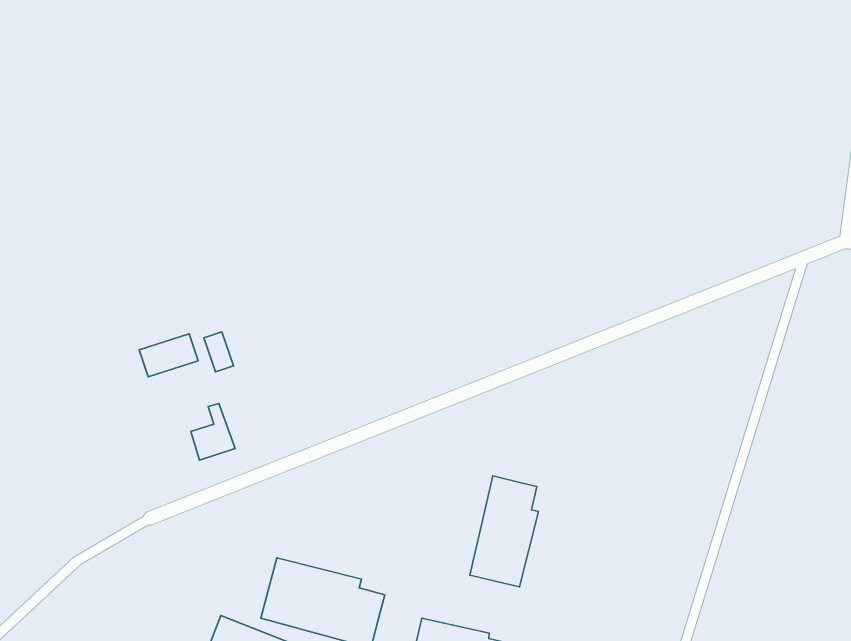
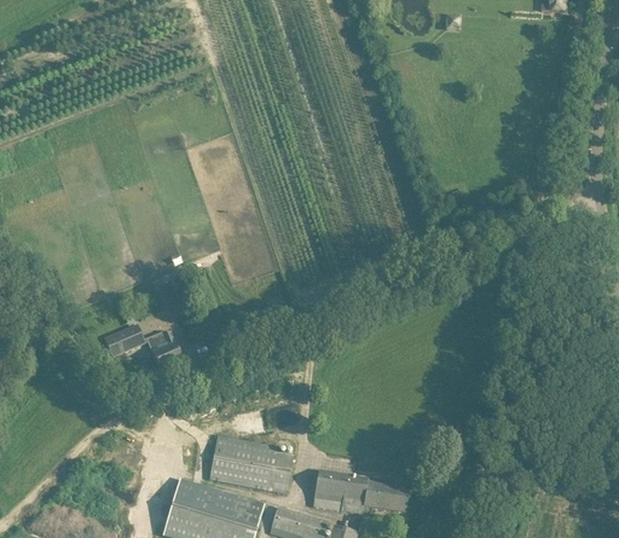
building: [139,334,198,377] -> [106,323,147,354]
building: [470,476,538,587] -> none

